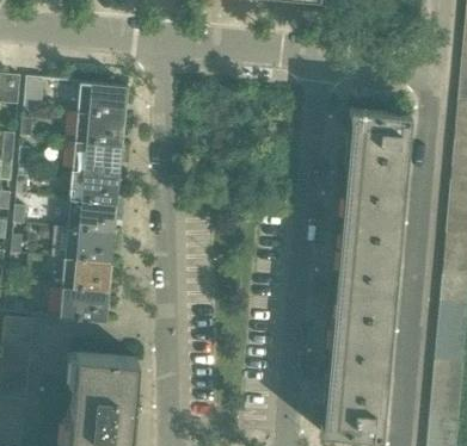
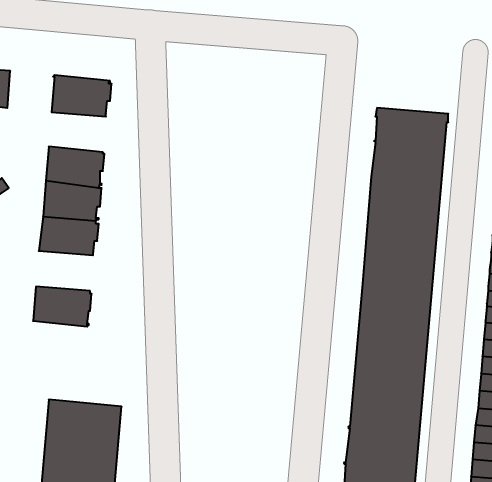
building: [76,114,125,148] -> none
building: [51,229,116,264] -> none
building: [60,289,110,323] -> none

